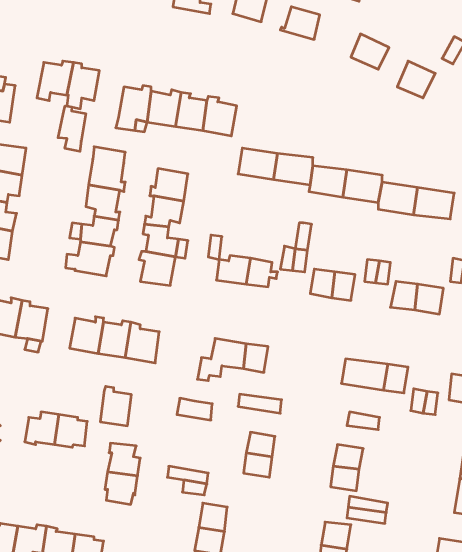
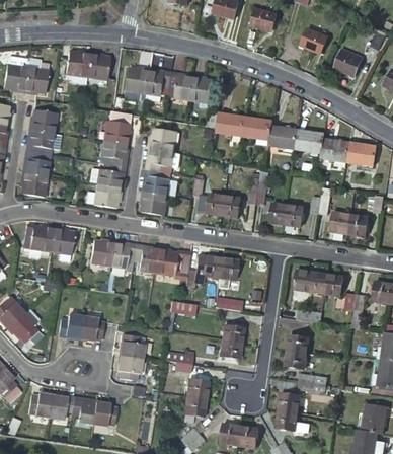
building: [58,106,86,151] -> none
building: [100,386,131,426] -> [154,247,177,277]

